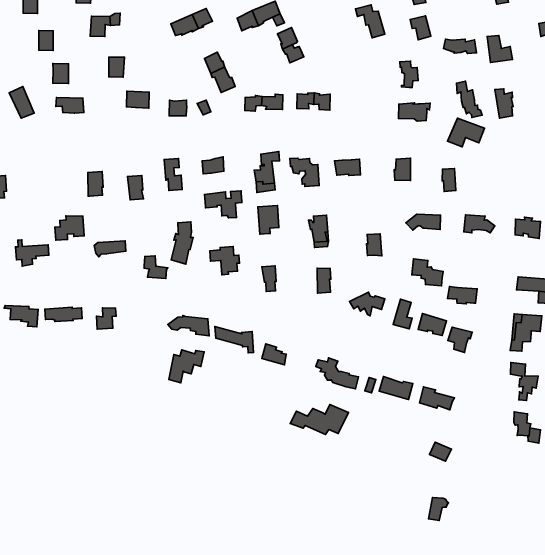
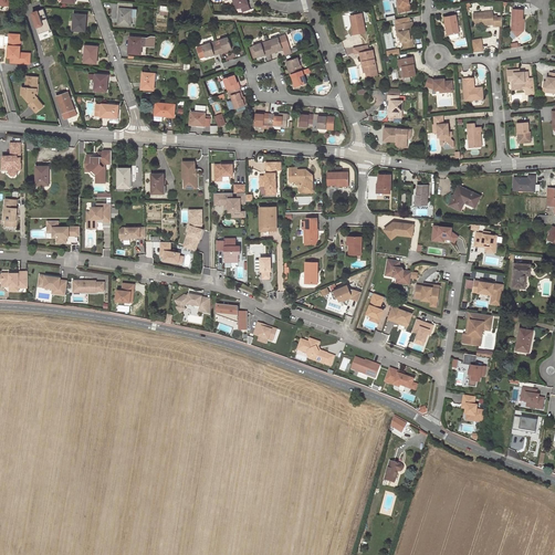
building: [447,118,484,147] -> [448,186,480,210]
building: none -> [84,150,111,182]
building: [169,350,204,383] -> none
building: [290,404,349,435] -> none

